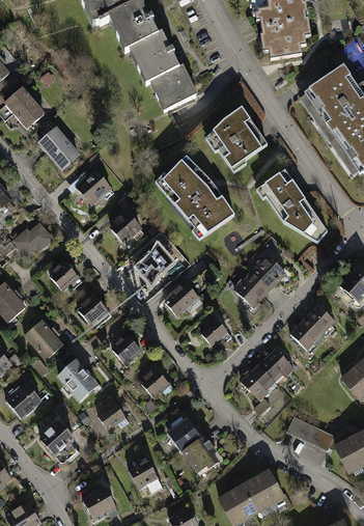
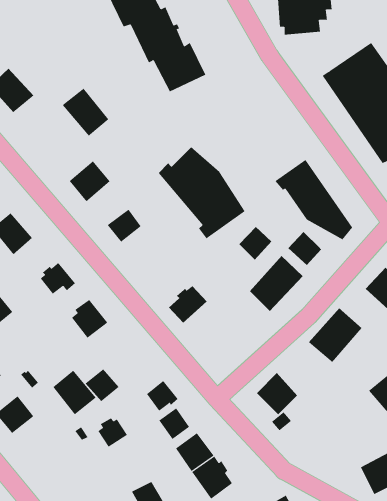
building: [203,108,265,172] -> none
building: [35,127,78,170] -> [62,88,109,136]
building: none -> [238,226,272,260]
building: none -> [287,231,322,266]
building: [140,246,168,276] -> none
building: [199,314,227,345] -> none
building: [21,320,61,360] -> none
building: [112,332,143,362] -> [85,368,120,402]
building: [260,344,296,381] -> none
building: none -> [159,407,190,440]
building: [286,414,334,449] -> none
building: [43,419,78,460] -> none

